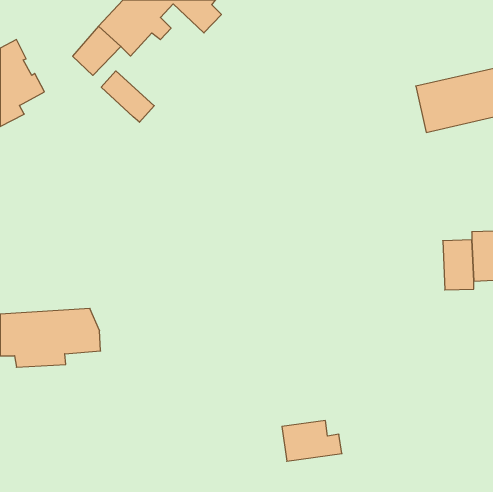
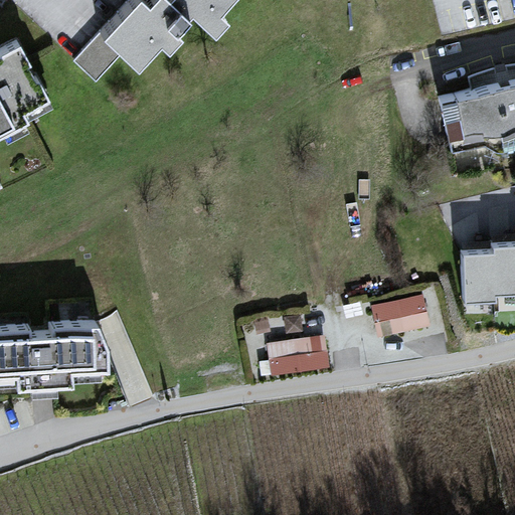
building: [101,71,154,122] -> none
building: none -> [372,296,428,337]
building: [282,421,342,461] -> [269,336,331,378]

